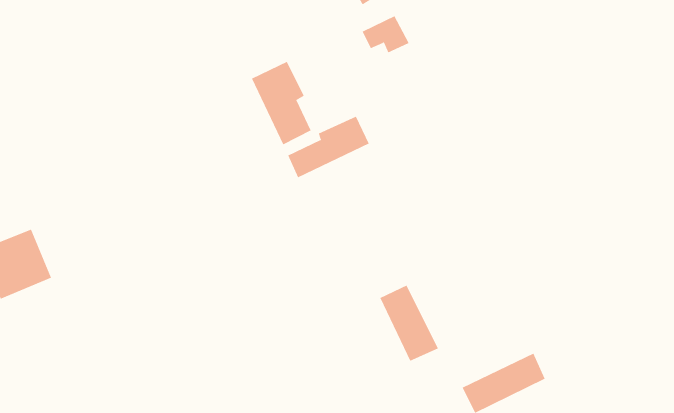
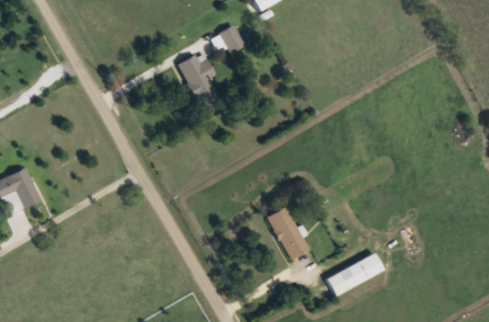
building: [362,16,409,53] -> [212,26,245,52]
building: [288,116,370,178] -> none

